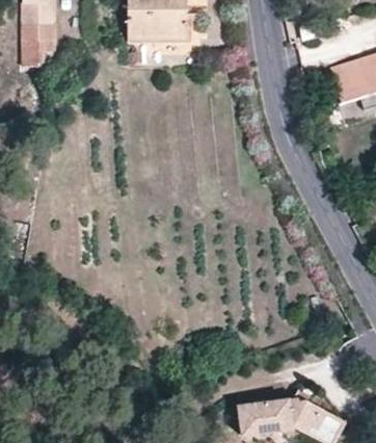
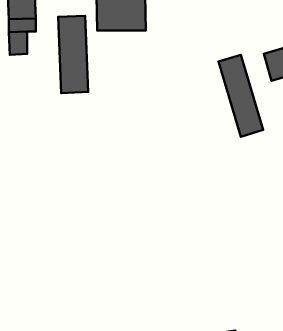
building: none -> [58,16,88,93]
building: none -> [219,55,263,137]

